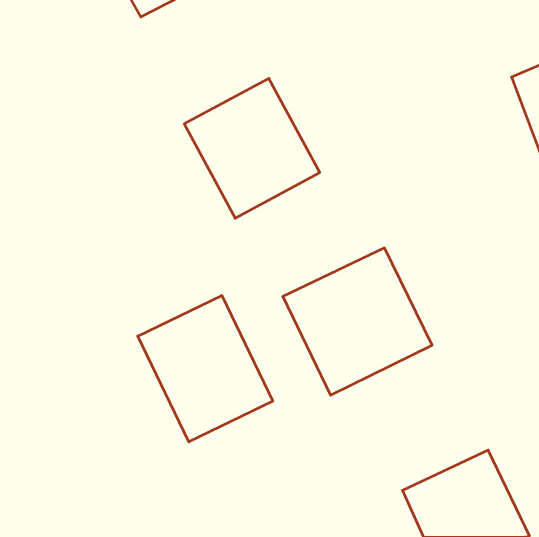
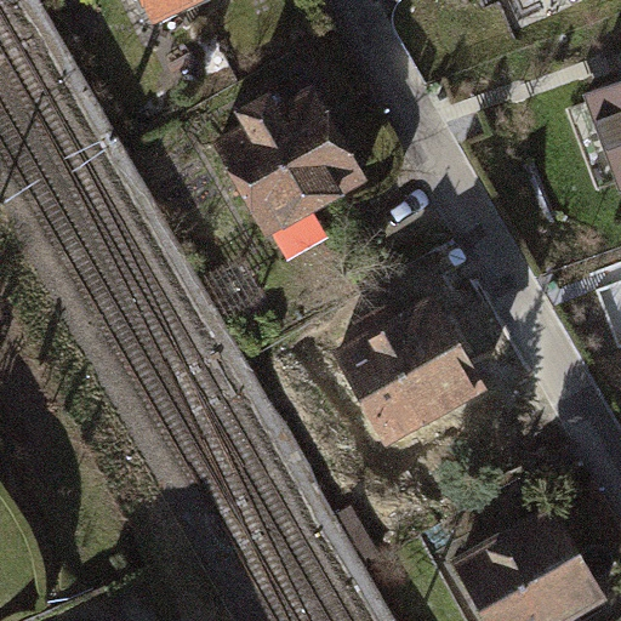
building: [138,295,273,442] -> none

